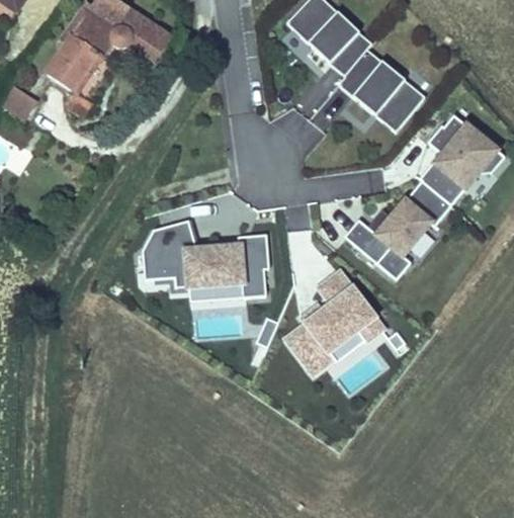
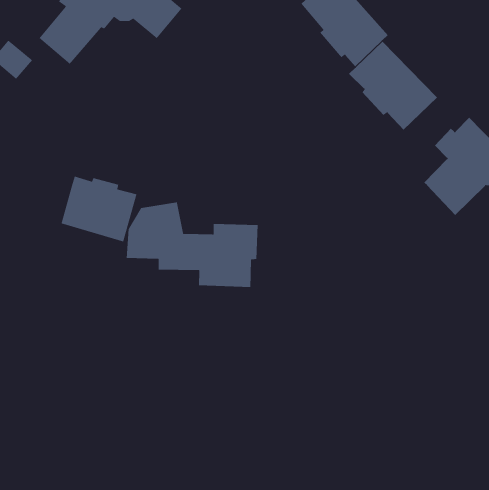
building: [343,181,452,281] -> none
building: none -> [60,175,138,242]
building: [279,261,384,374] -> none

